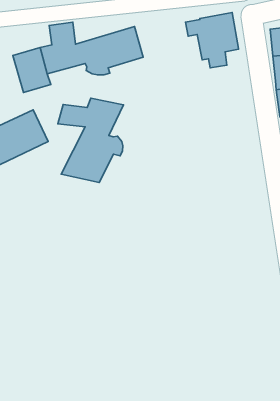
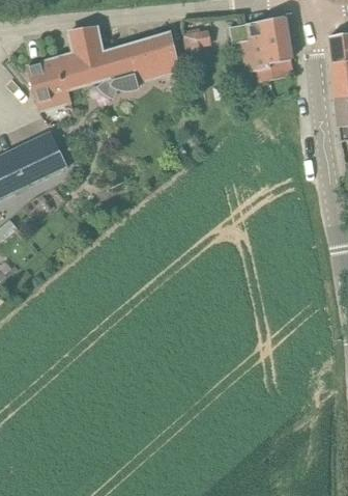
building: none -> [186,25,212,46]
building: [58,98,123,182] -> none

